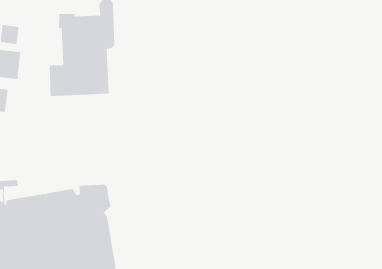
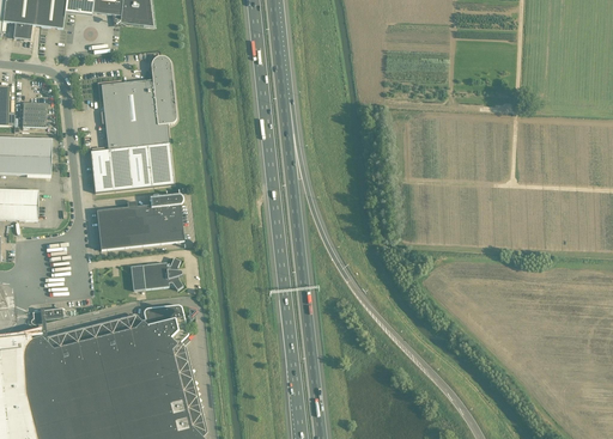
building: none -> [95,194,182,249]
building: none -> [128,257,181,289]

